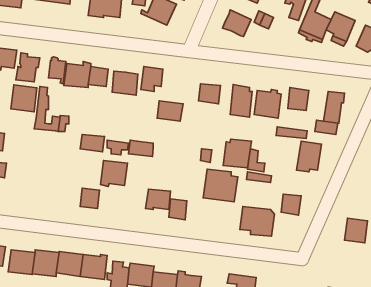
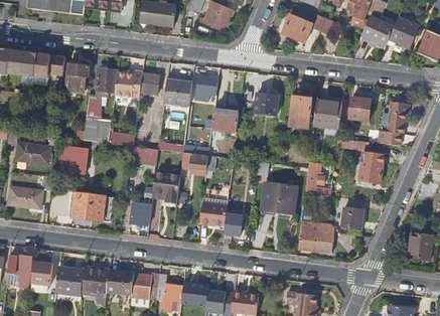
building: [11,85,37,112] -> [61,146,89,174]
building: [223,139,251,168] -> none
building: none -> [72,192,113,221]

